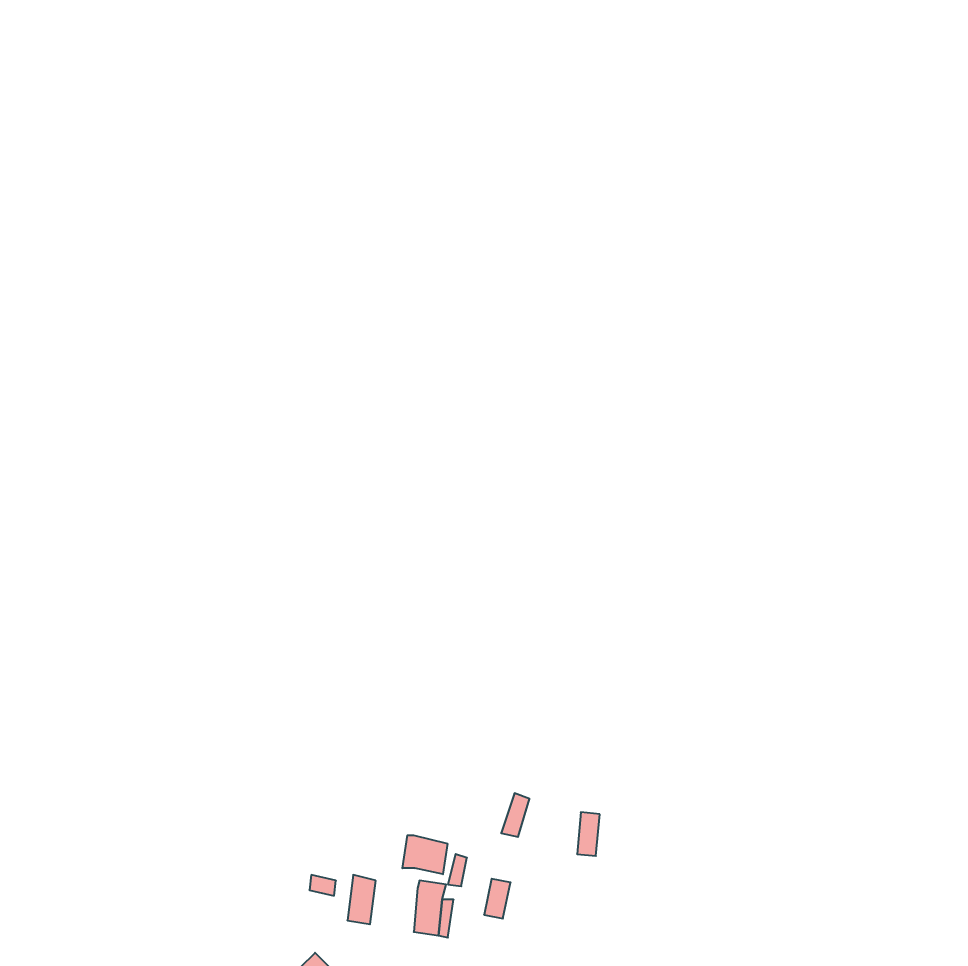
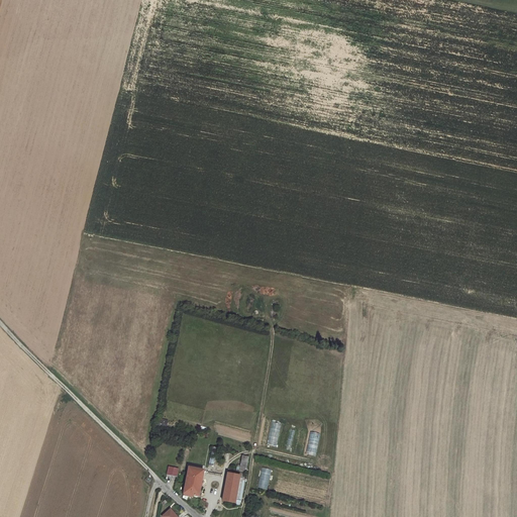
building: [402,835,447,874] -> none

